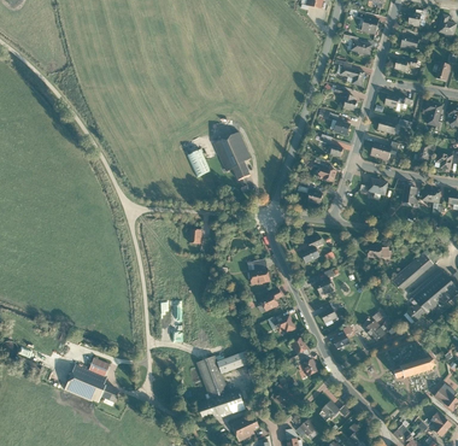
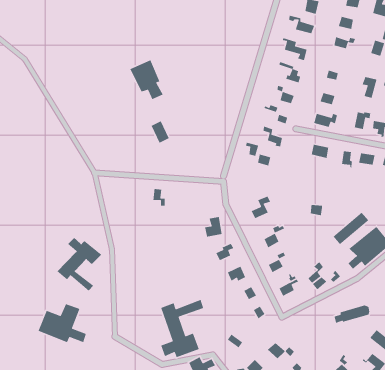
building: [215,135,253,181] -> [129,59,164,100]
building: none -> [56,237,102,291]

